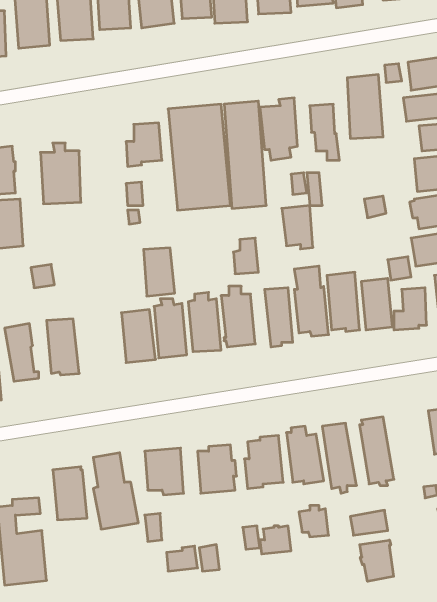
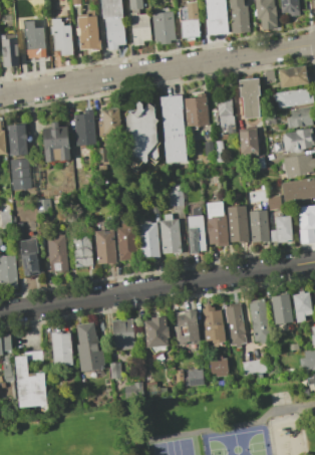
building: none -> [74,108,95,146]
building: [282,205,313,249] -> [238,128,258,156]
building: [144,248,175,296] -> [72,236,92,267]
building: none -> [270,293,292,324]
building: [360,540,394,581] -> none

